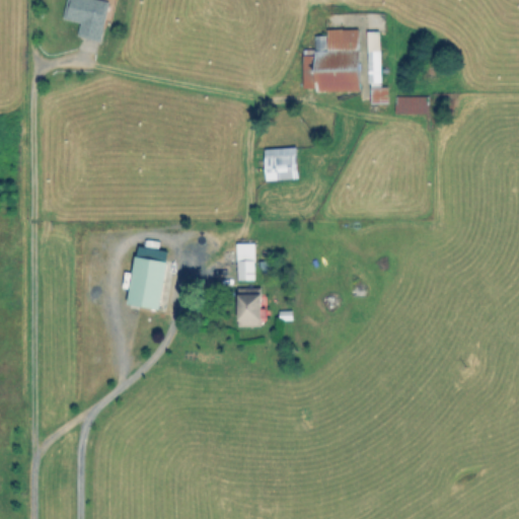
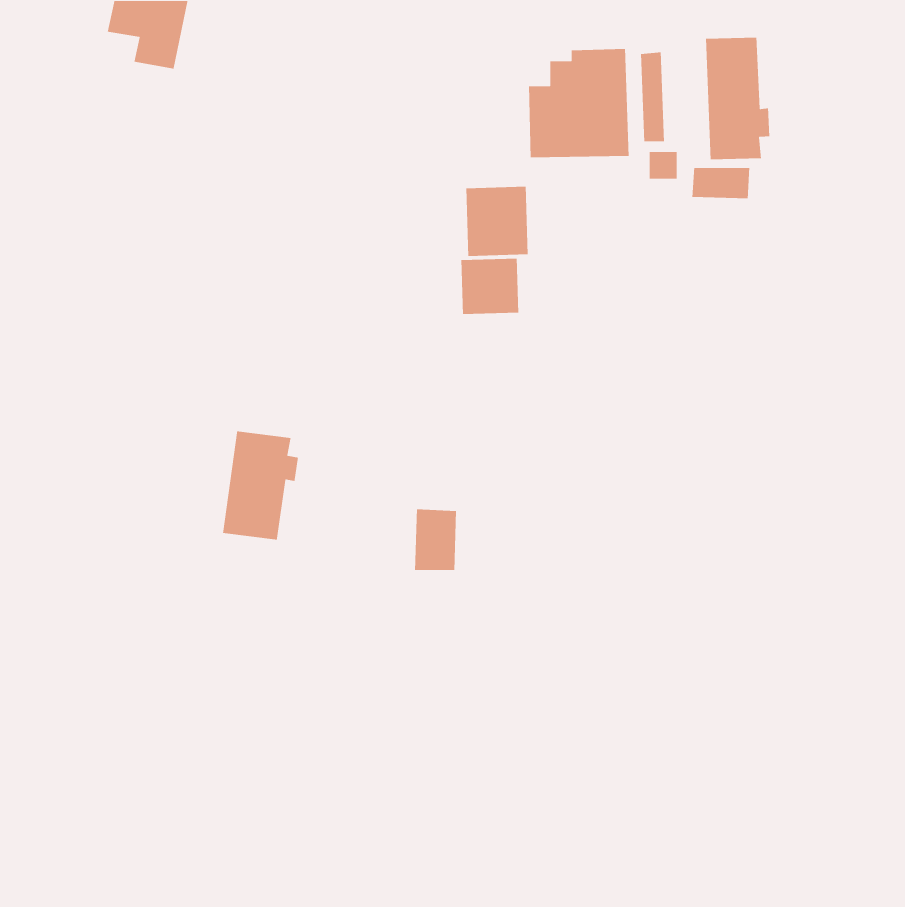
building: none -> [705,37,770,160]
building: none -> [466,186,529,257]
building: [237,243,255,280] -> none

